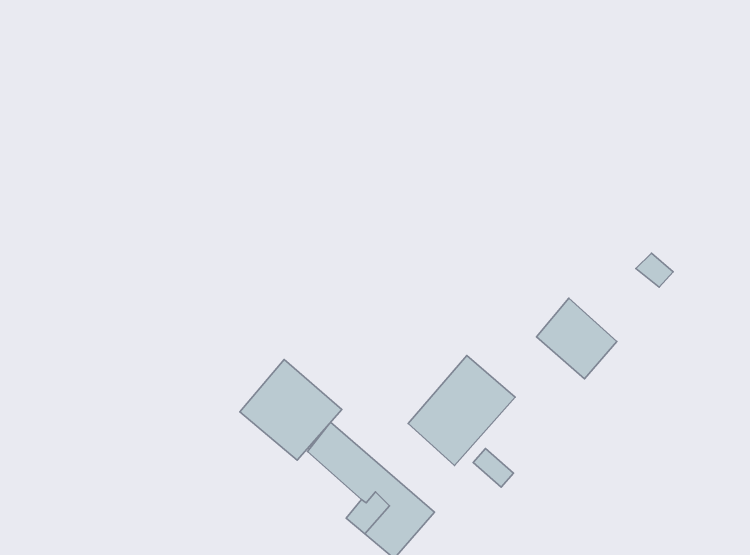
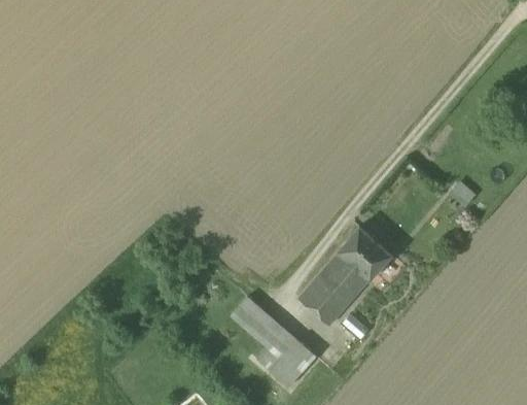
building: [536,298,617,379] -> [338,227,391,280]
building: [240,359,342,460] -> none

